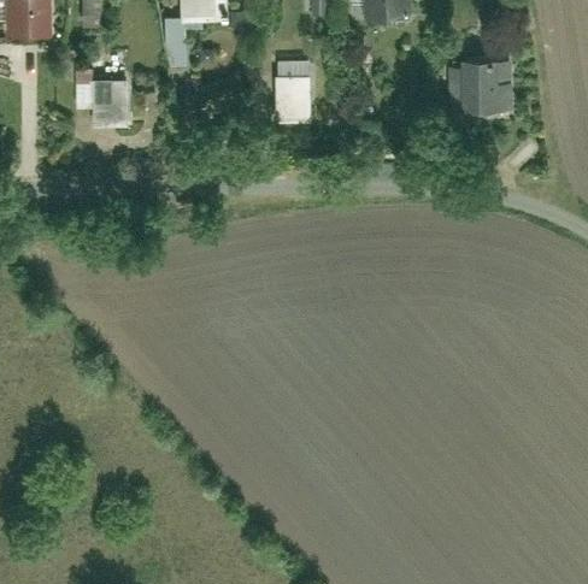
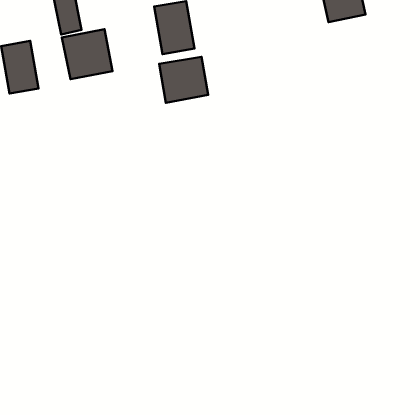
building: none -> [62,29,113,79]
building: none -> [159,57,208,103]

